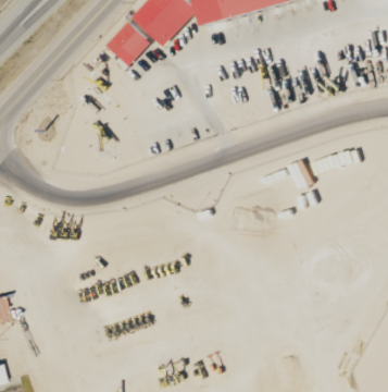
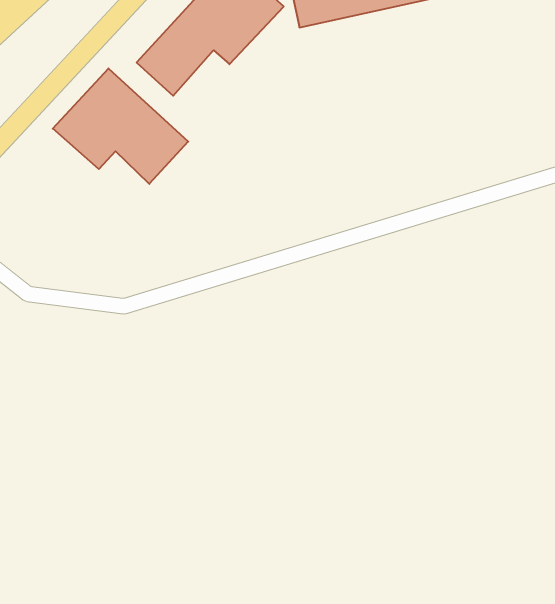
building: none -> [53,68,188,184]

